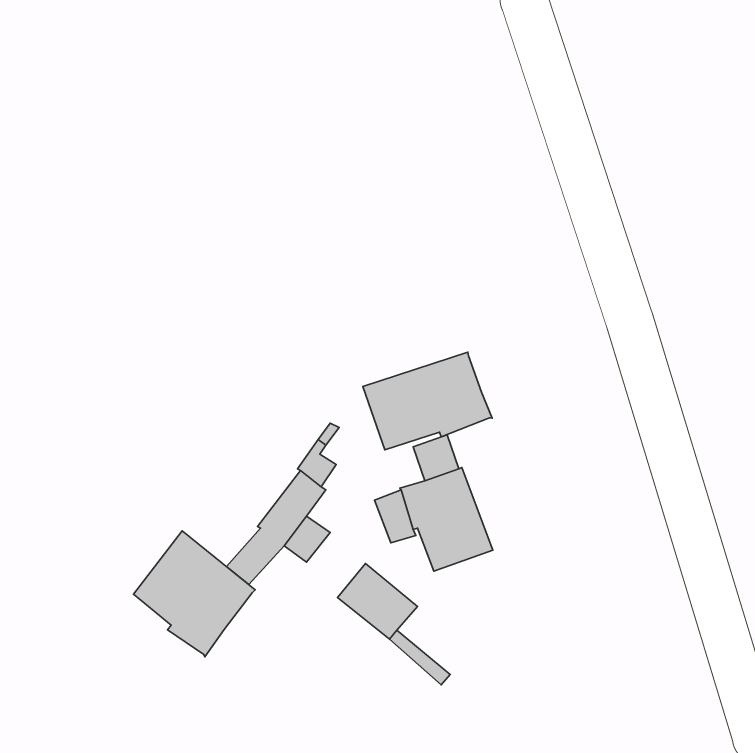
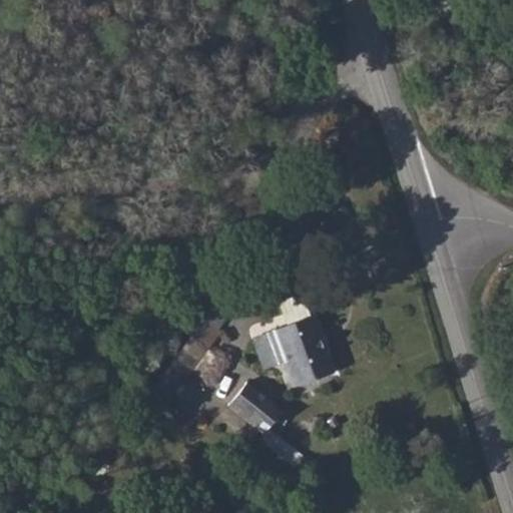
building: [363,352,492,450] -> none
building: [133,531,255,657] -> none

